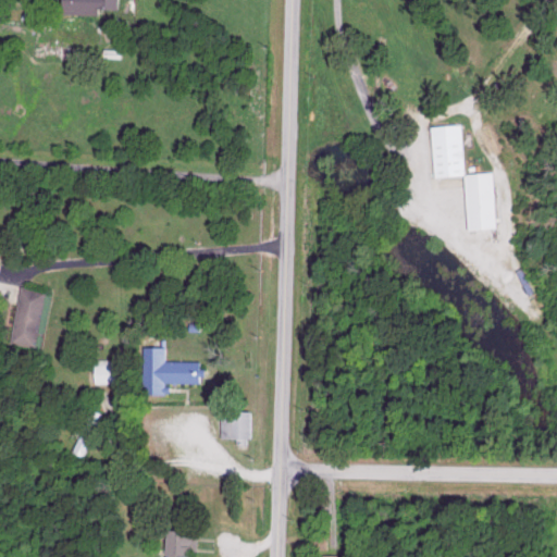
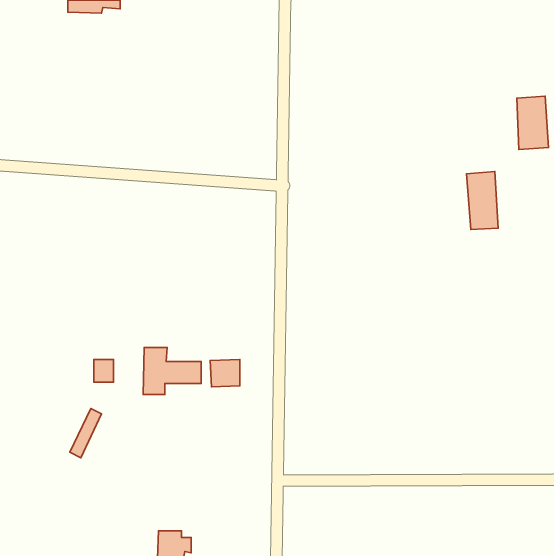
building: [432,125,463,178] -> [517,96,548,150]
building: [10,287,41,347] -> none
building: [221,412,250,440] -> [210,359,240,387]

